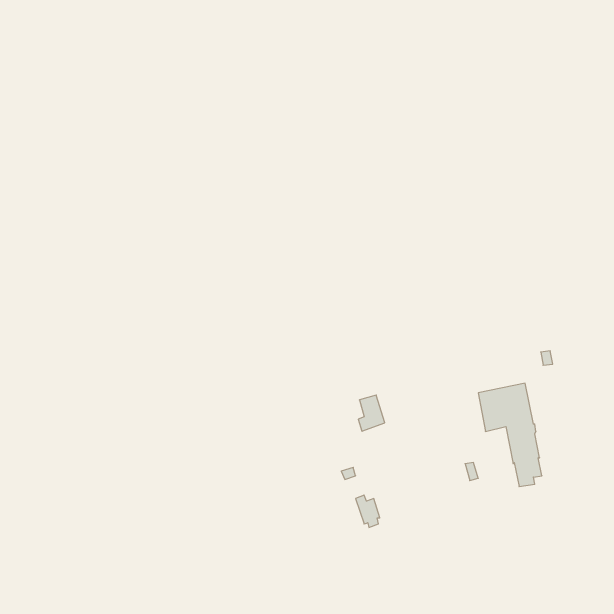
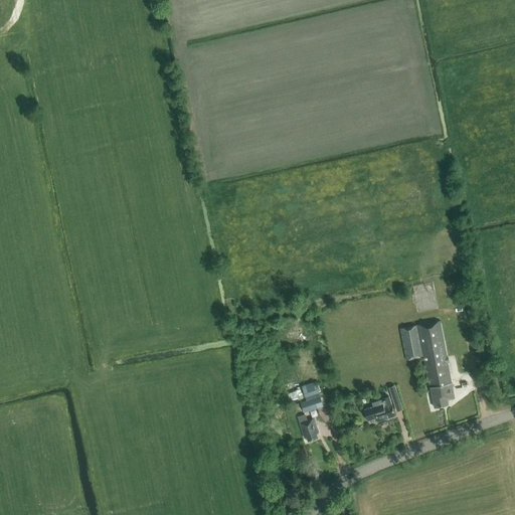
building: [358,395,385,431] -> [301,382,323,412]
building: none -> [364,396,395,420]

